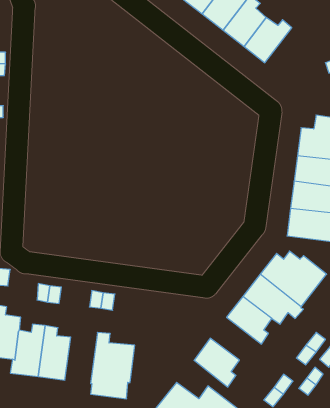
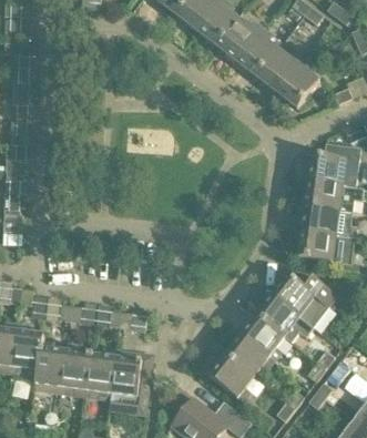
building: none -> [276,59,318,108]
building: none -> [224,335,273,376]
building: none -> [85,348,116,398]

